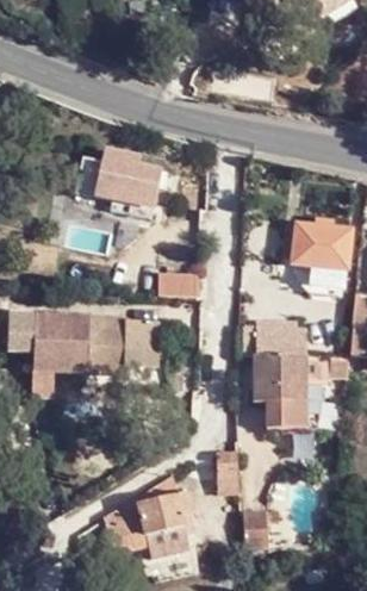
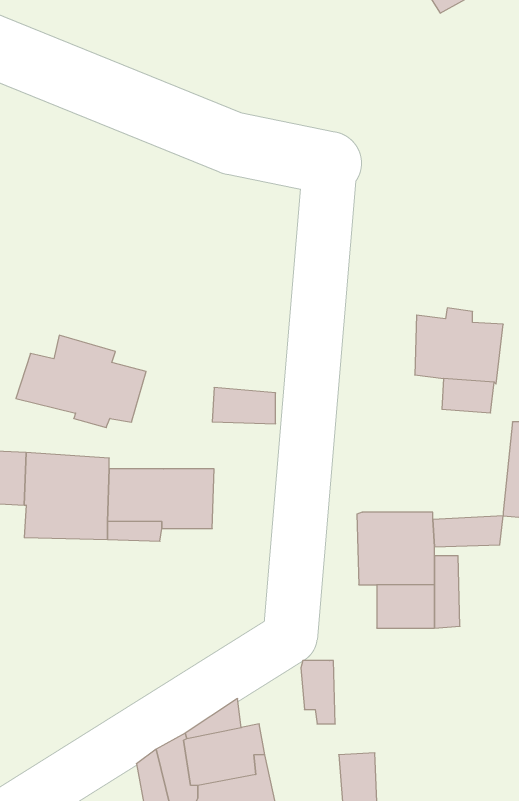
building: [76,147,162,207] -> [16,335,146,428]
building: [255,321,304,353] -> none

